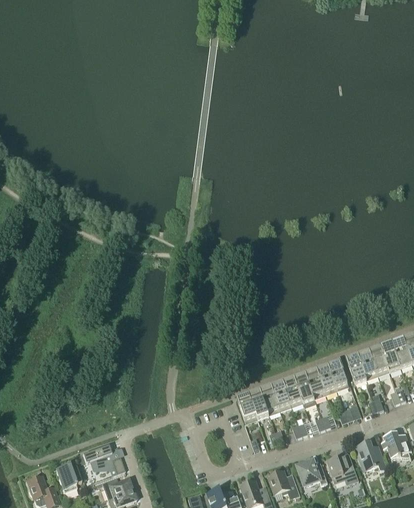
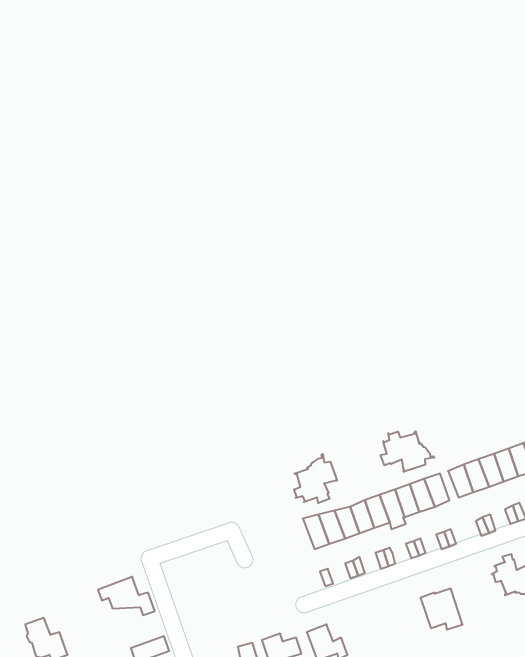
building: none -> [381,431,434,472]
building: none -> [294,454,337,503]
building: [355,440,386,470] -> none
building: [297,459,327,484] -> none
building: [56,464,81,491] -> none
building: [266,468,300,498] -> none
building: [101,477,132,497] -> none

